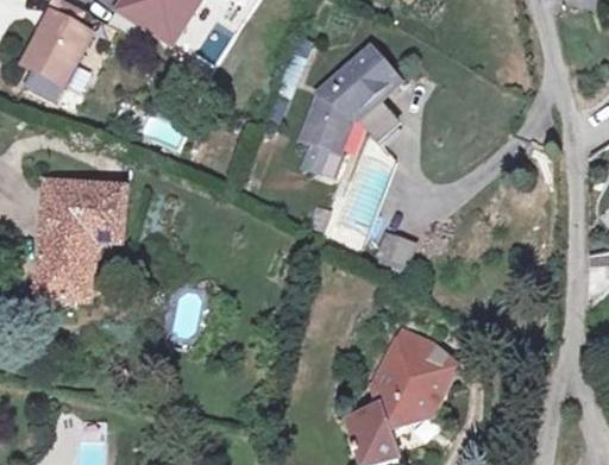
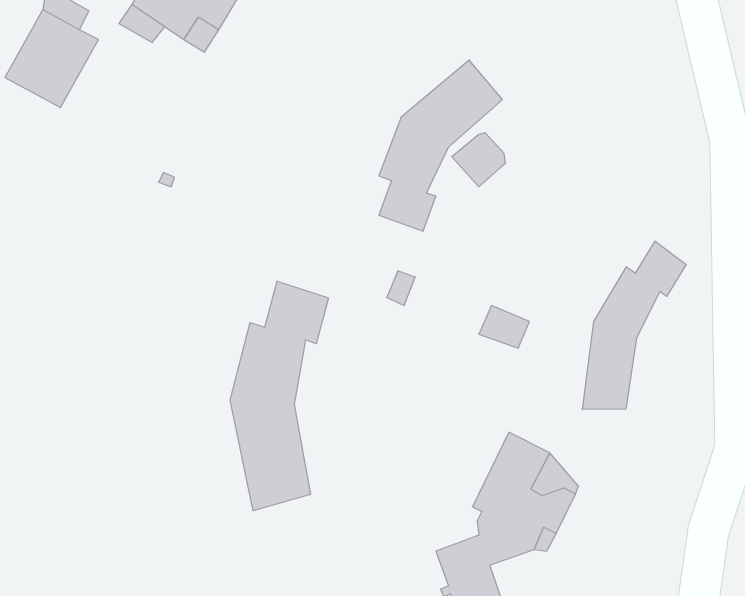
building: [36,178,127,301] -> none
building: none -> [582,241,686,410]
building: none -> [230,281,329,511]

